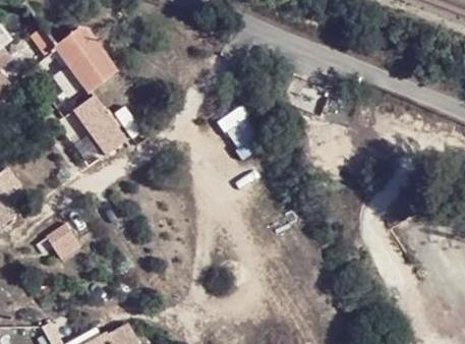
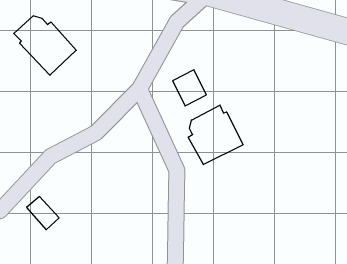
building: [74,98,125,156] -> none
building: none -> [188,105,243,165]

